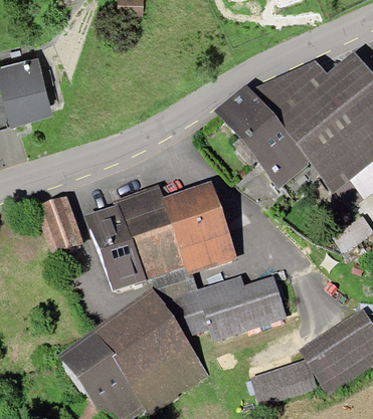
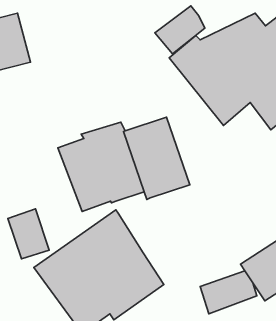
building: none -> [155,6,205,54]
building: [35,194,83,252] -> [8,209,49,259]
building: [153,267,288,342] -> none

